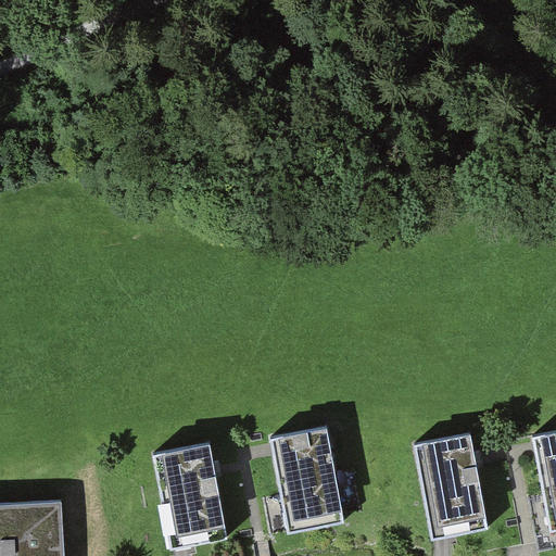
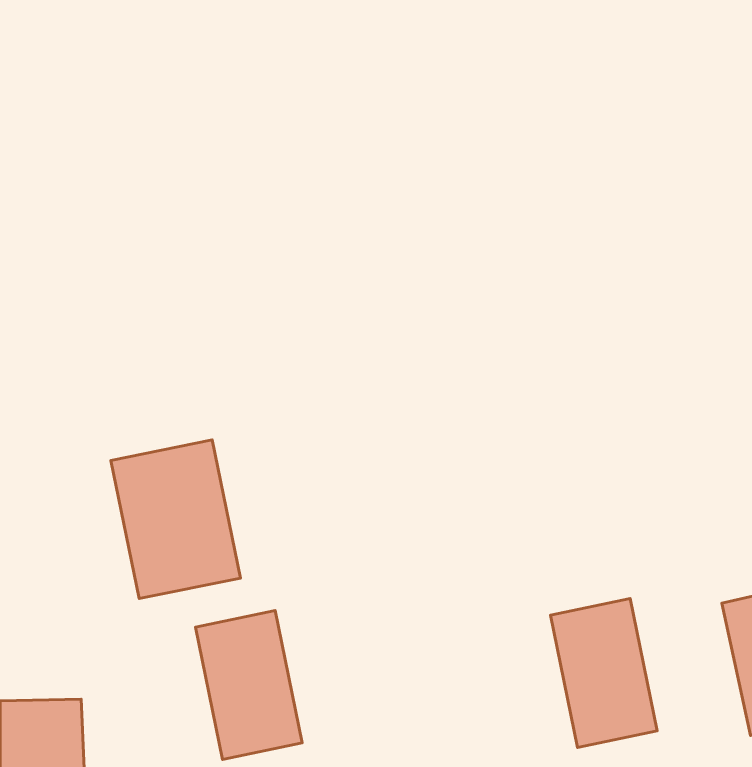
building: none -> [111,440,240,599]
building: [267,421,344,529] -> none

